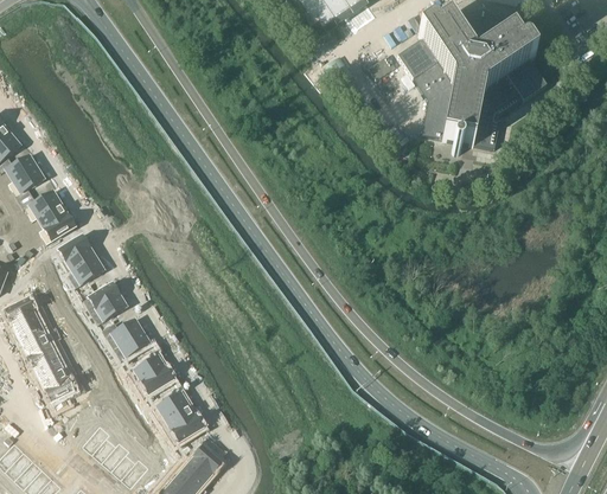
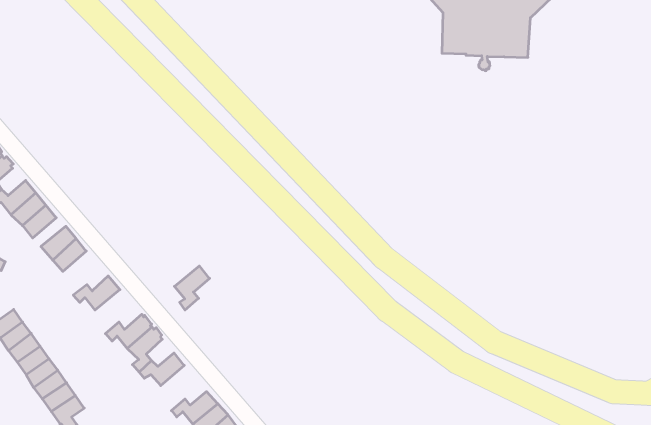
building: [74,256,104,291] -> none
building: [96,293,127,328] -> [174,266,210,310]
building: [142,365,173,402] -> none

